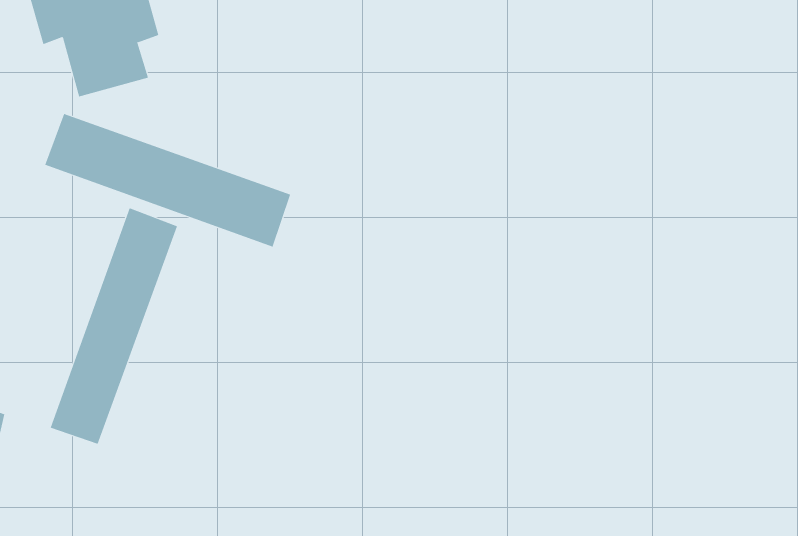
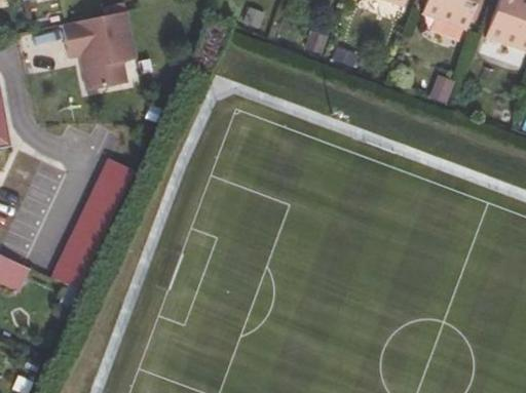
building: [44,113,291,247] -> none

